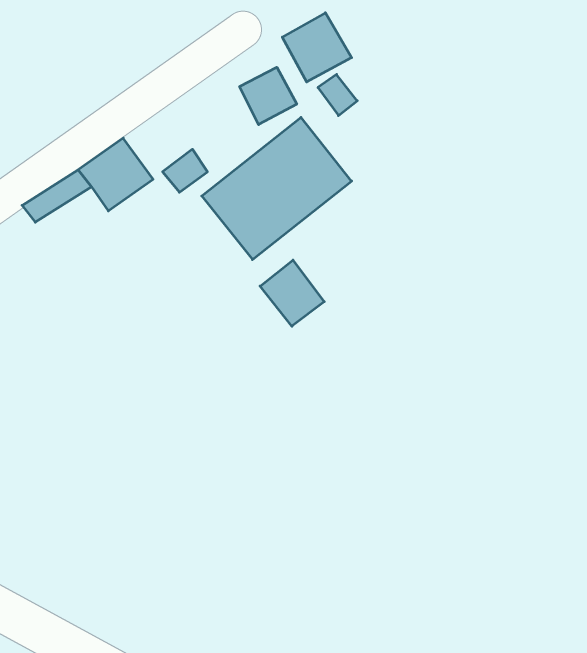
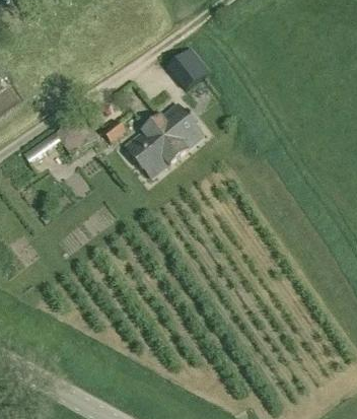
building: [240,67,297,125] -> none
building: [260,260,324,326] -> none

